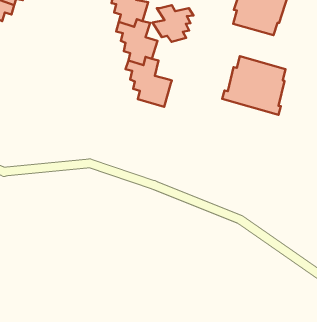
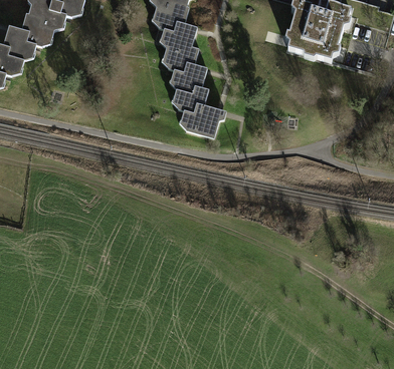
building: [153,5,194,42] -> none
building: [222,56,286,115] -> none

